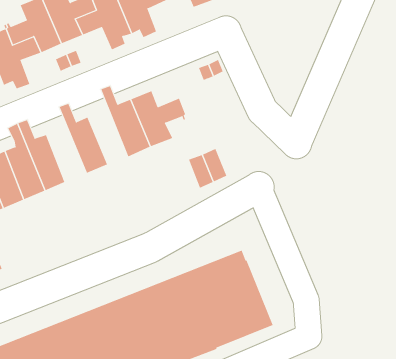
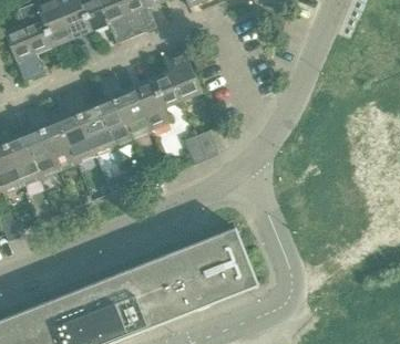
building: none -> [151,52,201,106]
building: none -> [94,80,130,146]
building: none -> [58,95,93,161]

